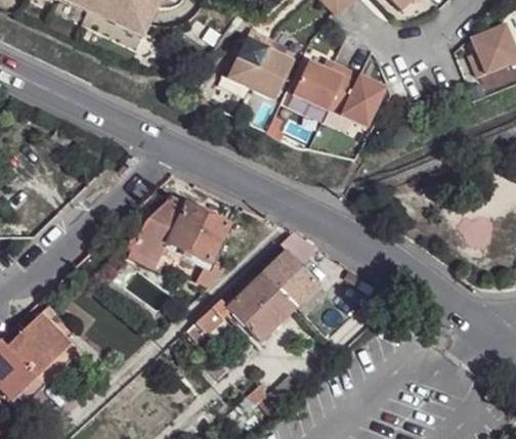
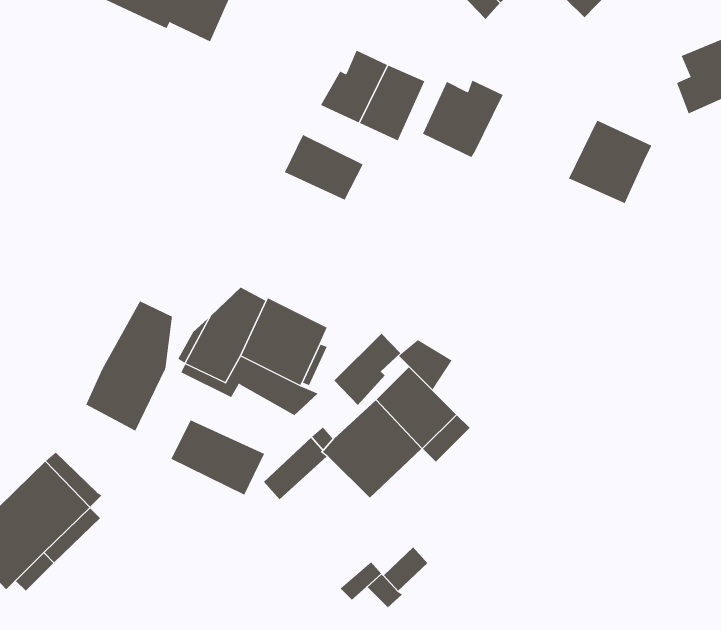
building: [329,67,386,124] -> [568,120,652,204]
building: none -> [284,134,363,201]
building: none -> [85,300,173,431]
building: none -> [334,333,401,406]
building: none -> [170,419,265,495]

